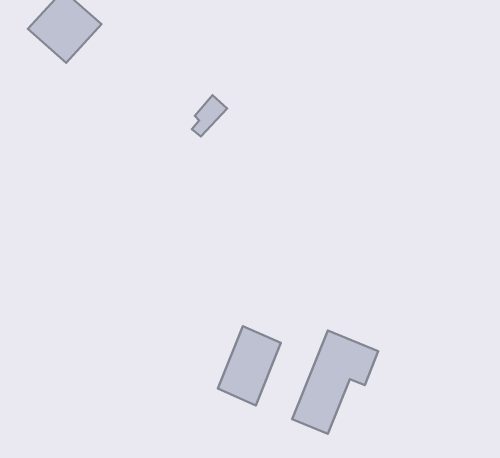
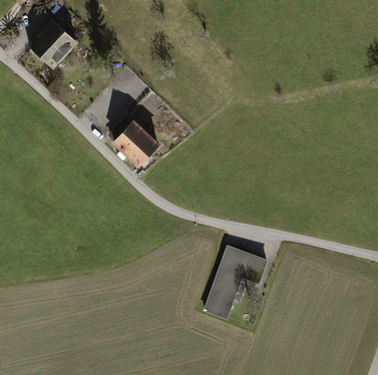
building: none -> [109,119,156,162]
building: [218,326,281,405] -> none

